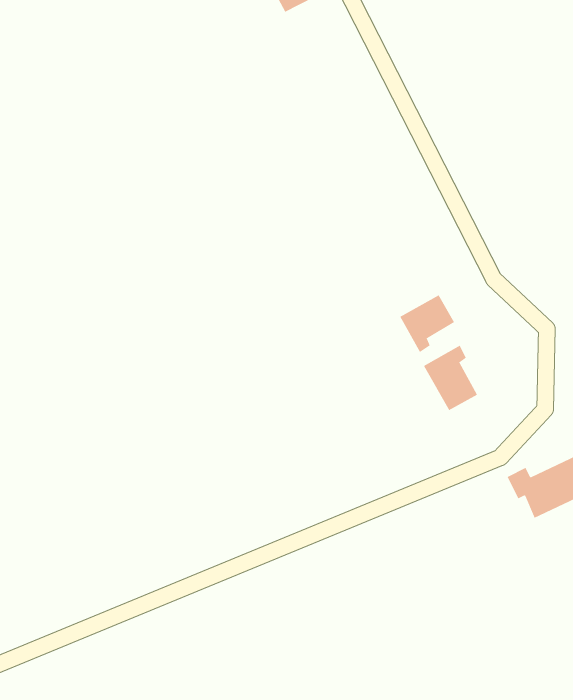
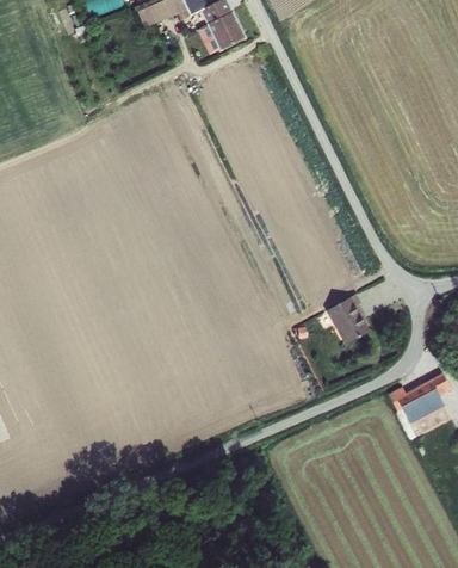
building: [399,294,455,353] -> none

